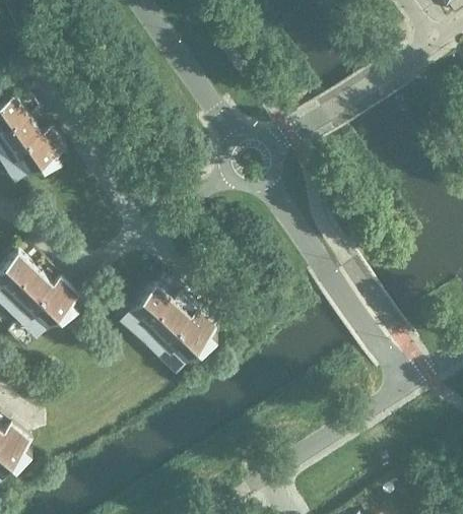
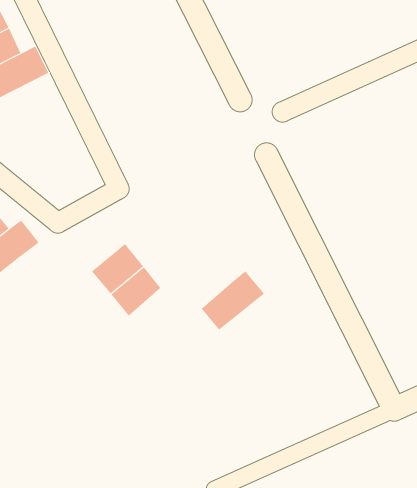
building: [166,311,218,366] -> [201,270,265,331]

